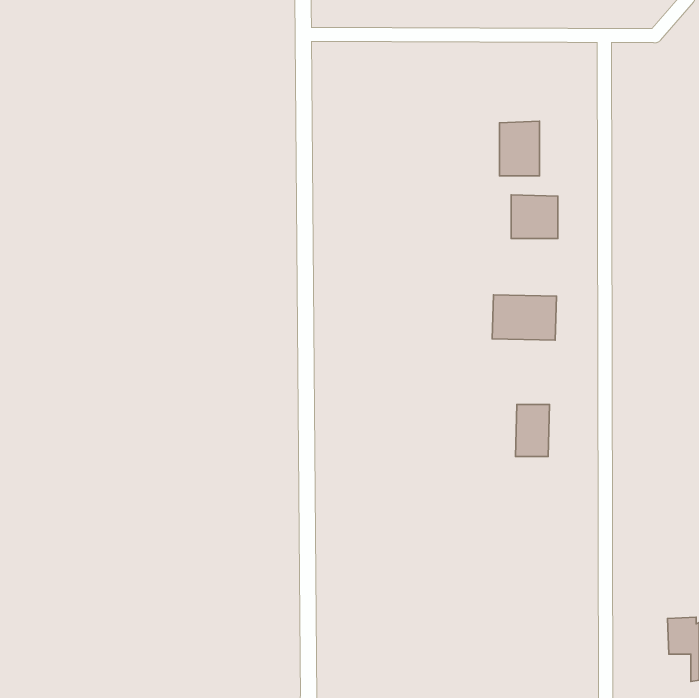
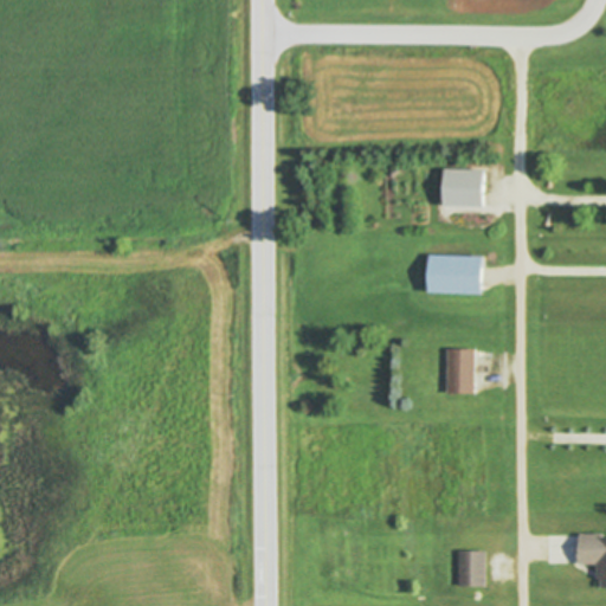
building: [499,121,539,176] -> none
building: none -> [457,550,485,587]

